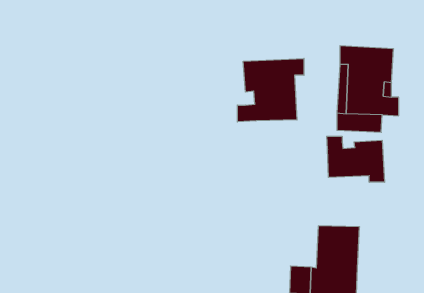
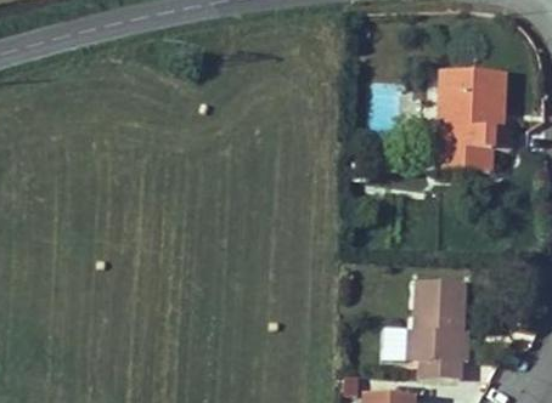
building: [237,58,304,122] -> none
building: [327,136,385,182] -> none

